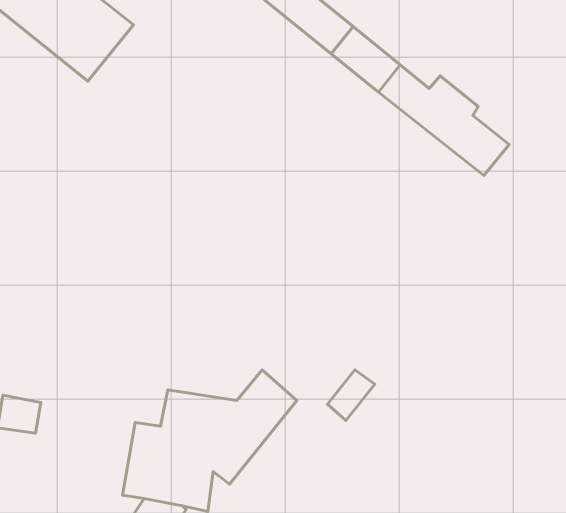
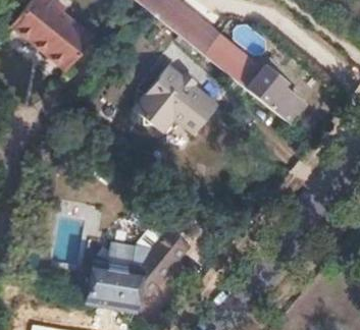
building: none -> [135,63,218,131]

